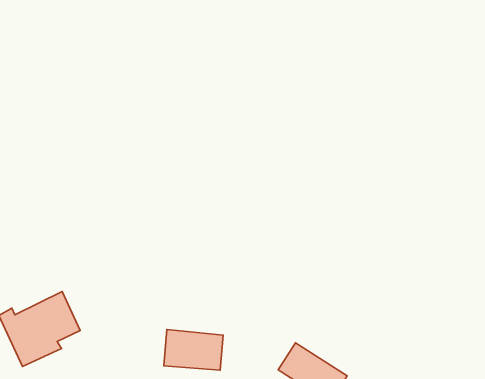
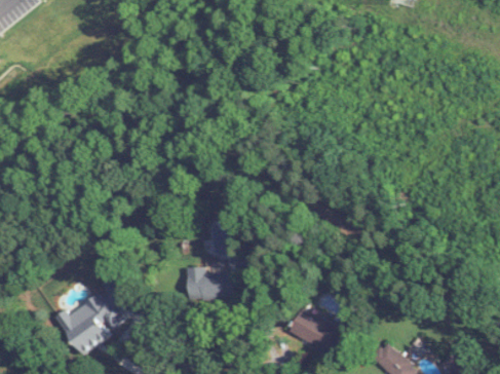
building: [164,330,223,370] -> [184,268,231,299]

